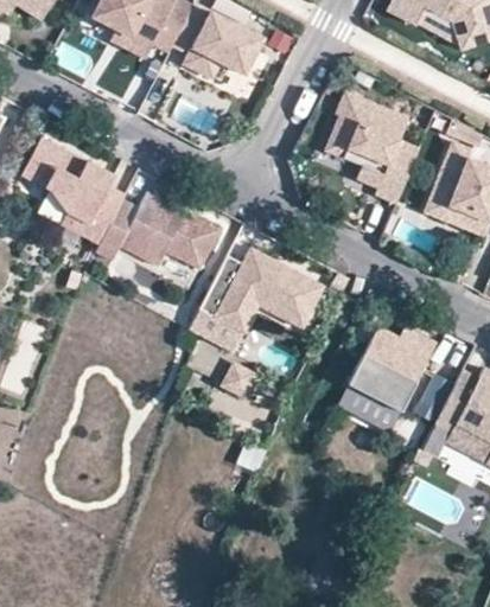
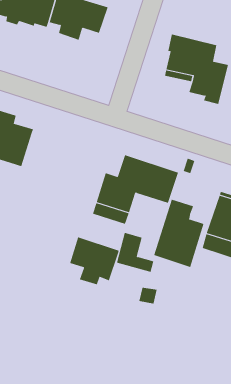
building: [96,191,222,269] -> none
building: none -> [153,199,204,268]
building: none -> [69,237,119,285]

